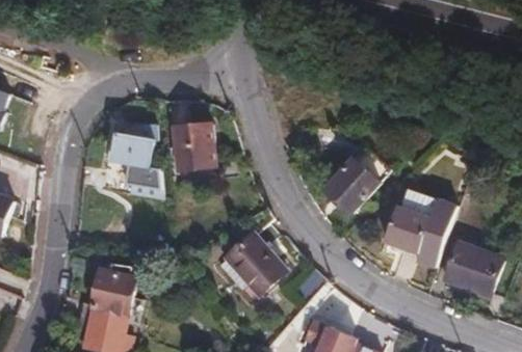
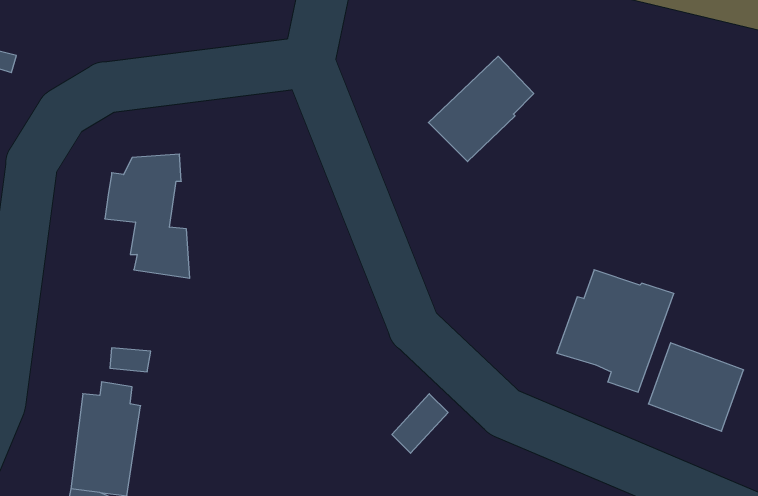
building: [169,123,213,170] -> none
building: [322,150,387,214] -> [428,56,534,162]
building: [223,235,281,295] -> none

